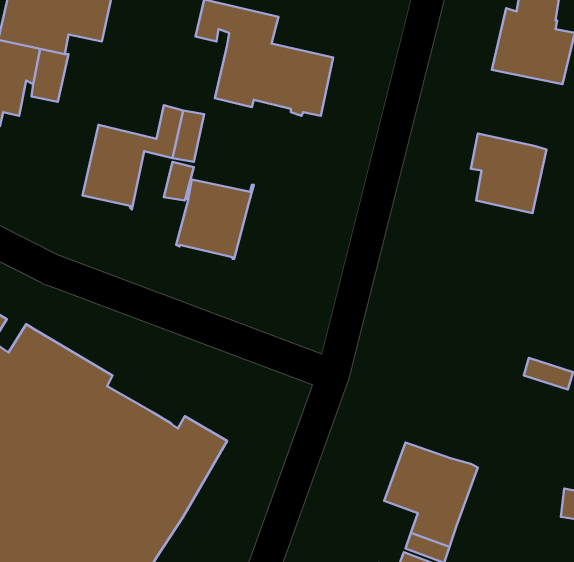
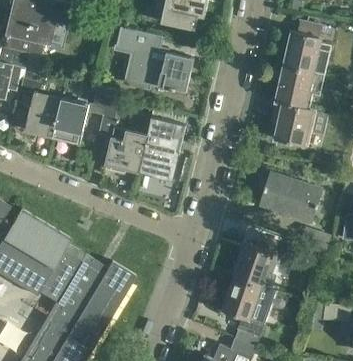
building: none -> [276,65,324,108]
building: none -> [24,90,61,136]
building: none -> [138,117,186,180]
building: none -> [259,172,322,221]
building: none -> [232,234,283,288]

